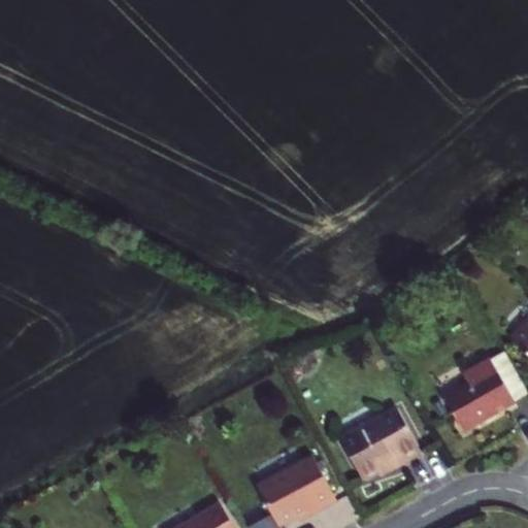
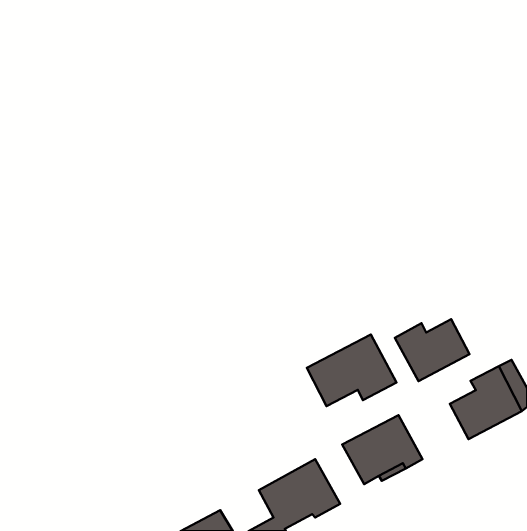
building: none -> [395,319,470,381]
building: none -> [307,335,396,406]

